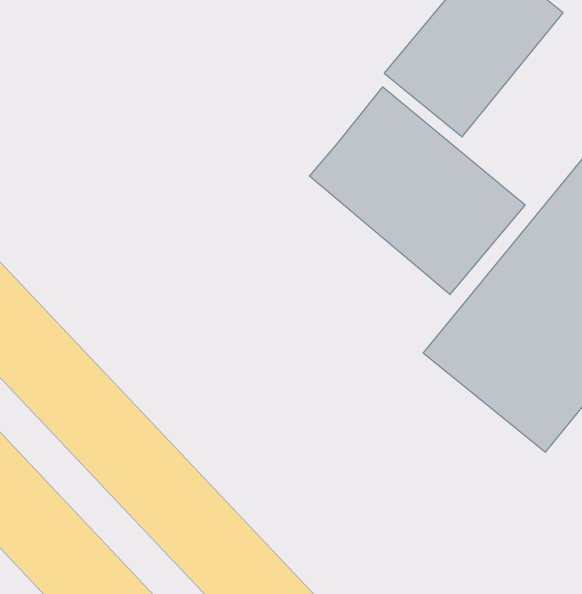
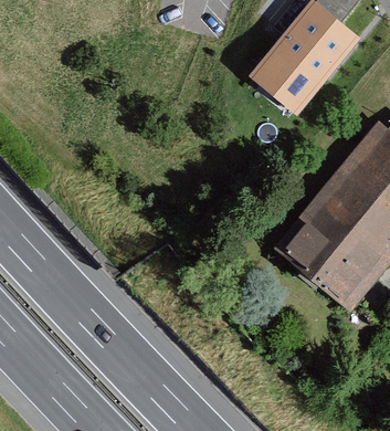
building: [310,87,525,295] -> none

